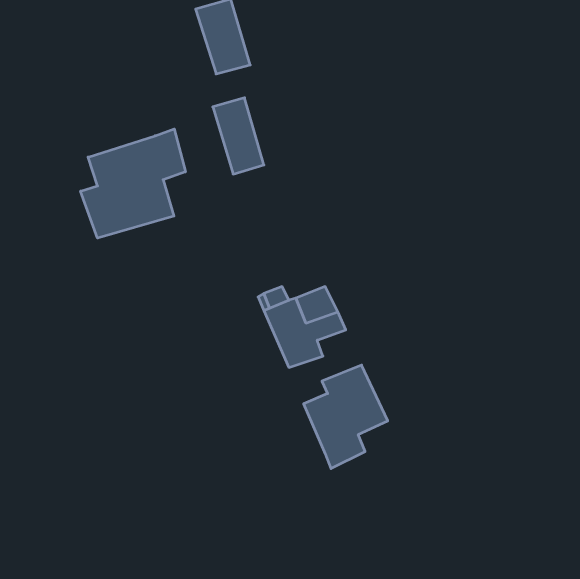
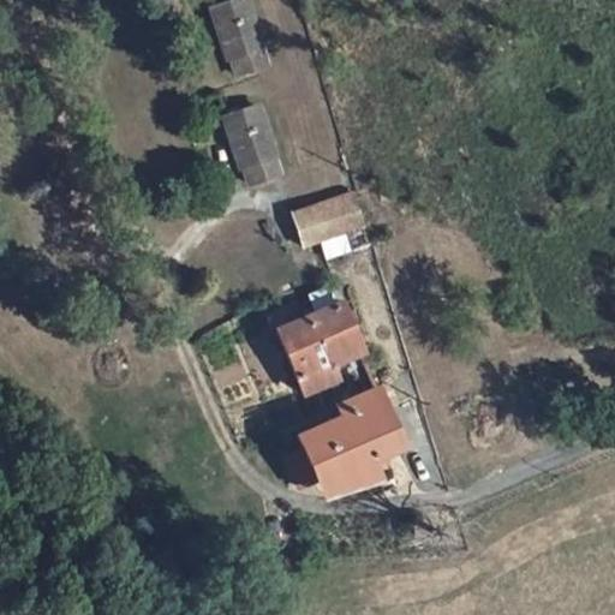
building: [81,129,185,238] -> none
building: none -> [297,195,360,244]
building: none -> [291,426,344,490]

